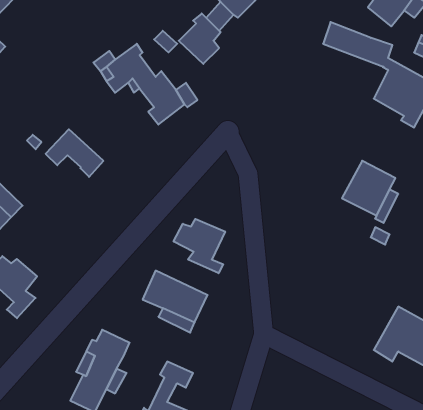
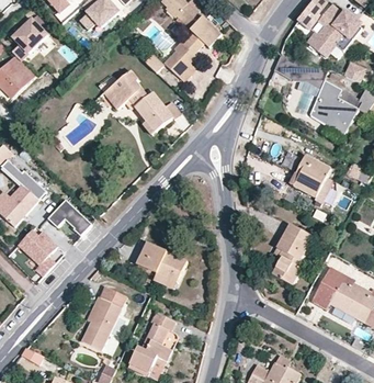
building: [46,129,103,177] -> [48,200,92,236]
building: [174,219,225,273] -> none
building: none -> [269,227,310,288]

